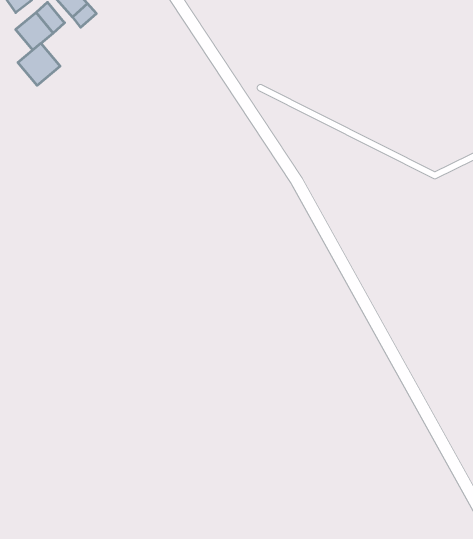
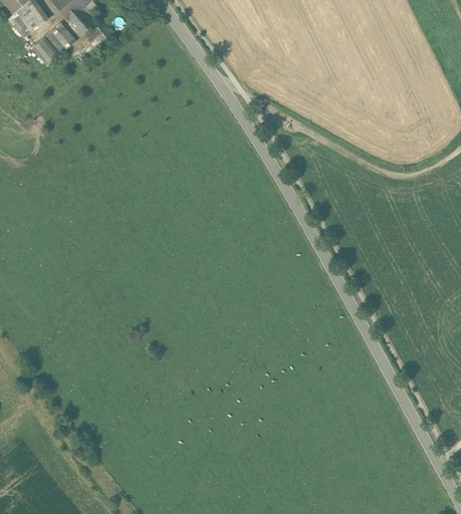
building: [18,43,60,85] -> none

